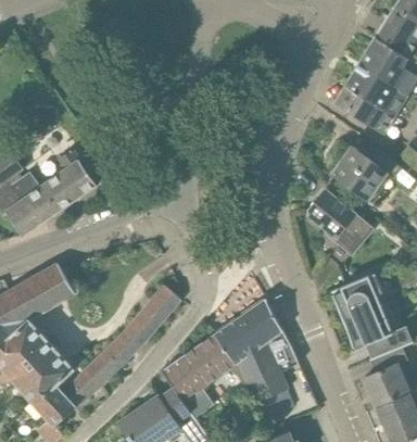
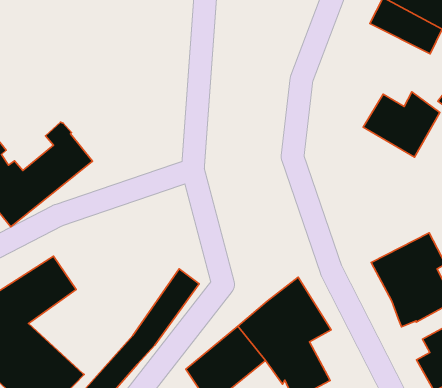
building: [334,86,395,136] -> none
building: [309,190,375,253] -> none

